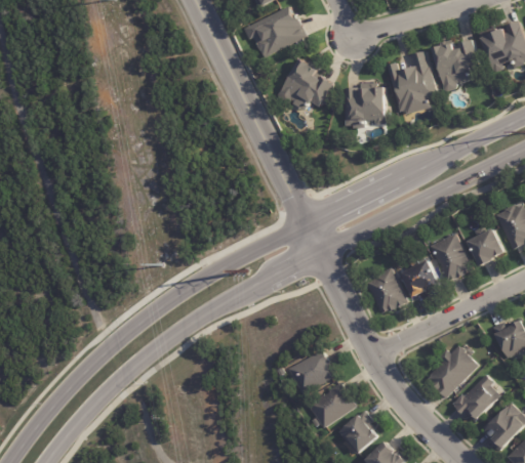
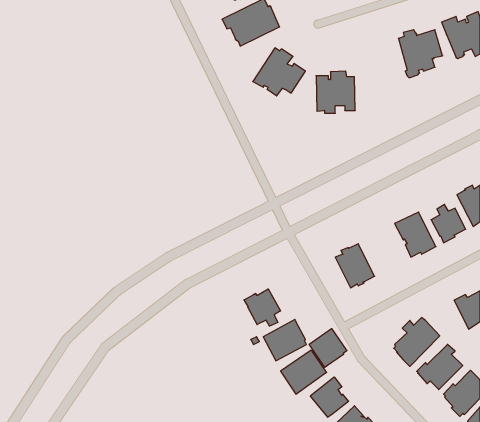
building: [387,51,438,115] -> none
building: [402,257,440,296] -> none
building: none -> [244,289,281,326]
building: none -> [309,329,347,367]

